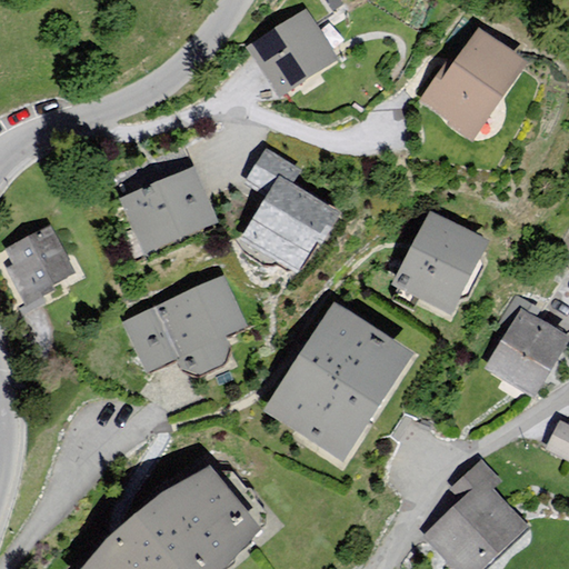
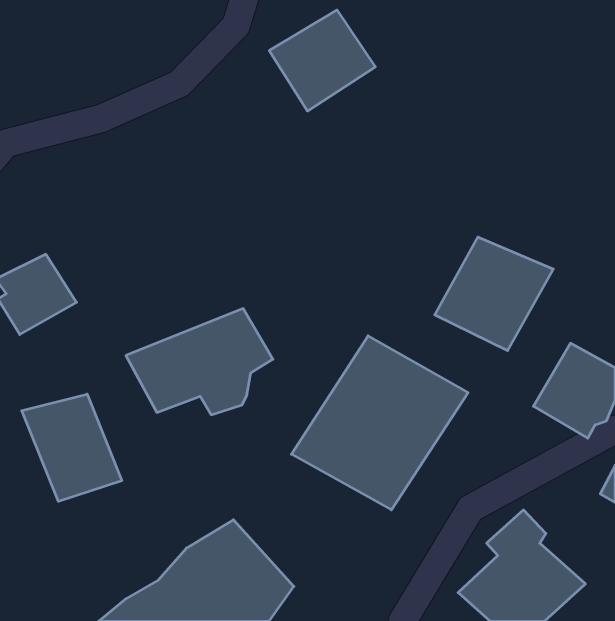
building: [418,29,536,141] -> none
building: [239,149,347,274] -> none
building: [120,167,222,254] -> none
building: none -> [22,394,122,501]

